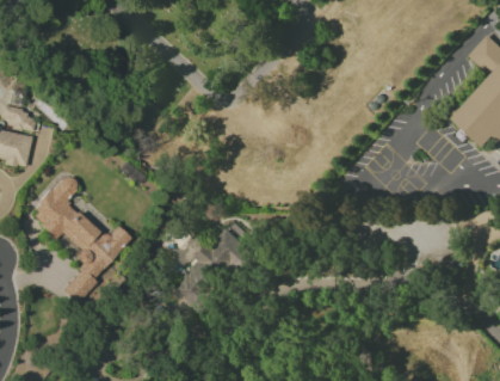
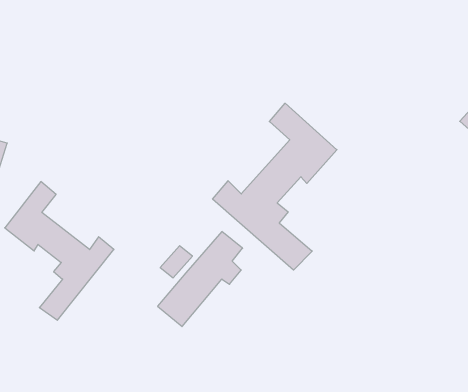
building: none -> [213,103,337,270]

